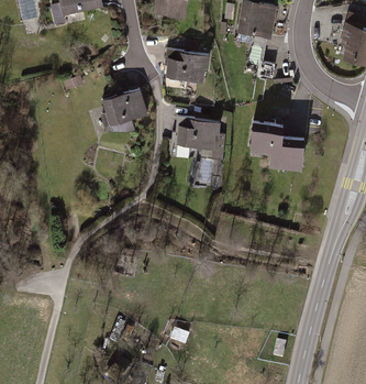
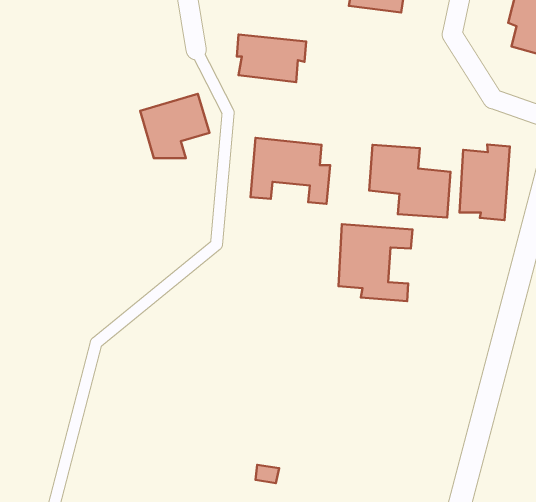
building: none -> [460,145,510,220]
building: none -> [338,224,412,301]

